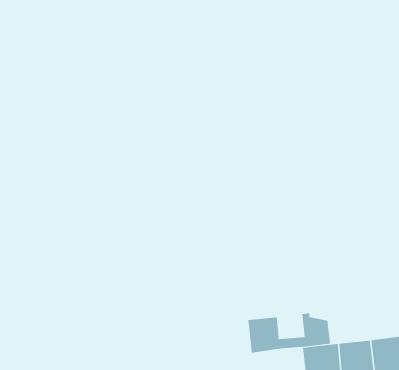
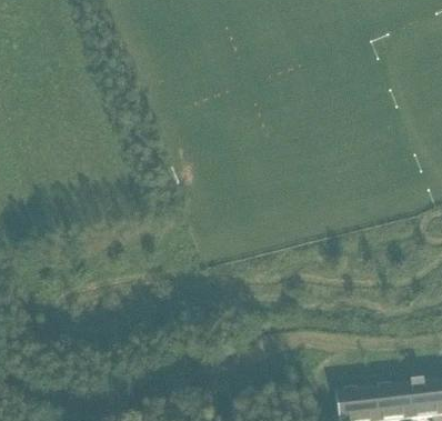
building: [248,313,330,353] -> none

